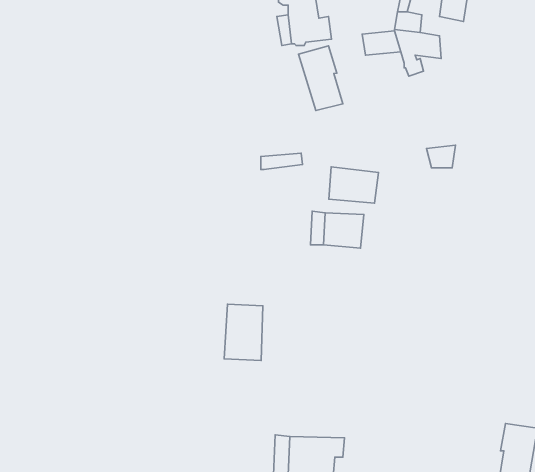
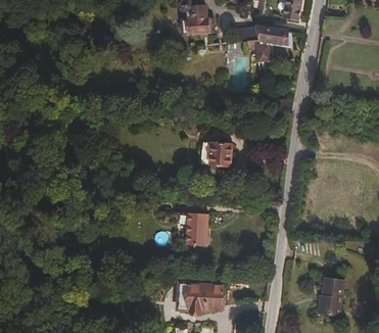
building: [299,46,343,110] -> none
building: [329,167,379,203] -> none
building: [224,304,263,361] -> [185,213,209,249]

